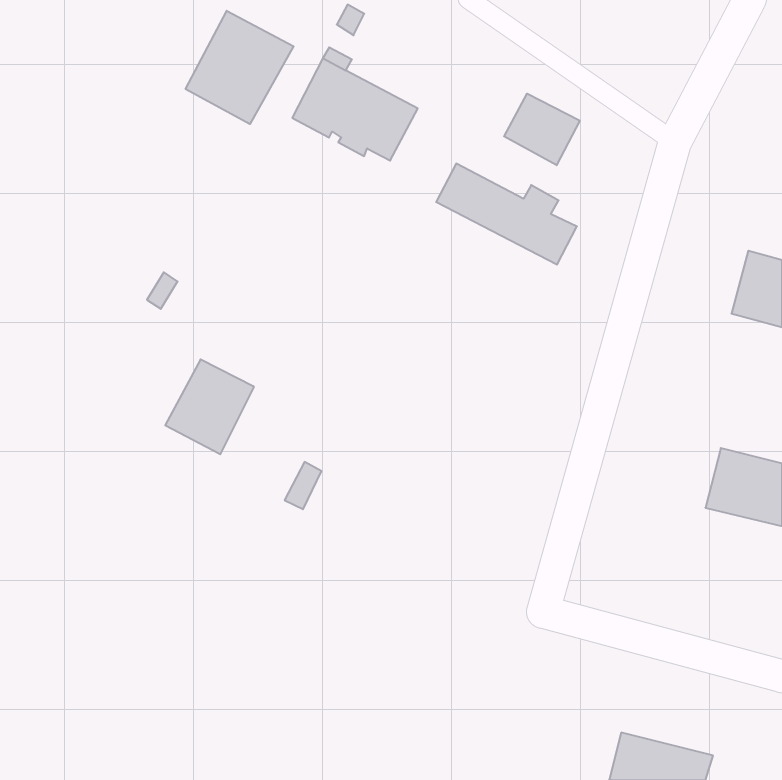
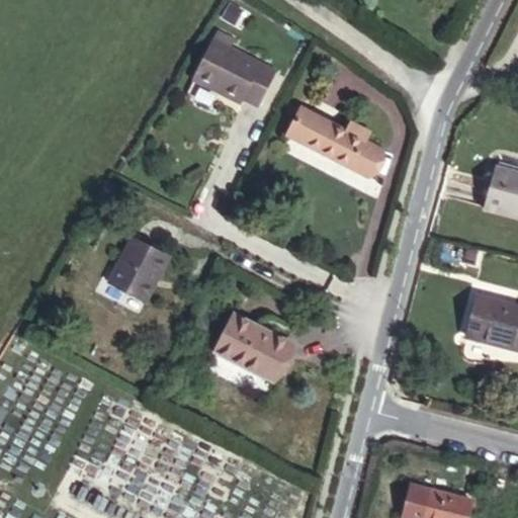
building: [186,11,294,124] -> none
building: [504,94,580,165] -> none
building: none -> [215,314,291,380]

